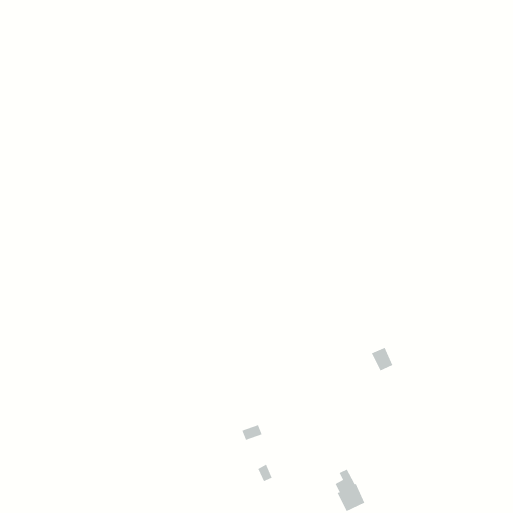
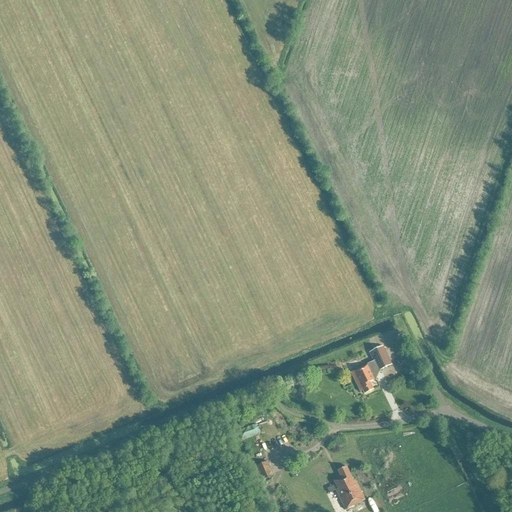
building: none -> [352,363,376,392]

